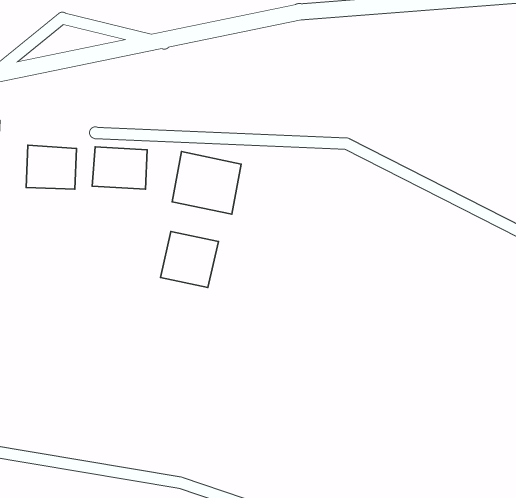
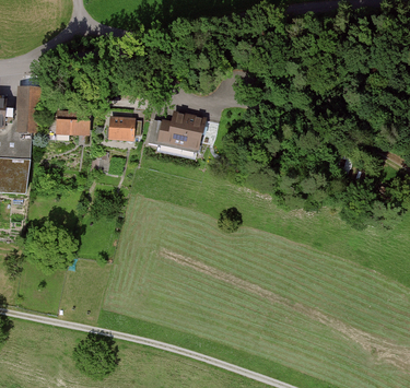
building: [160,231,218,288] -> none

